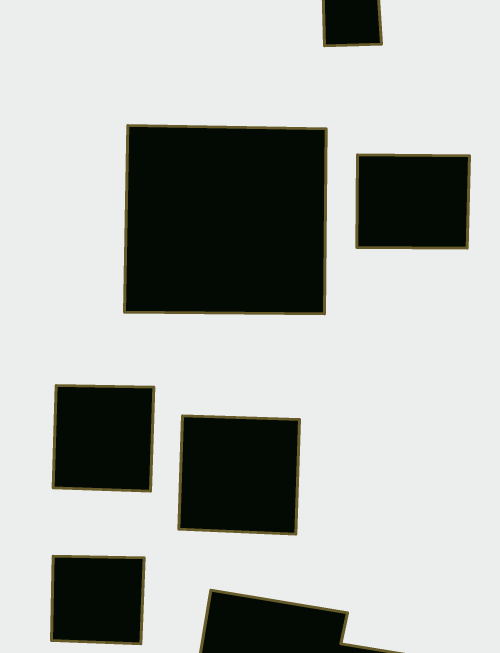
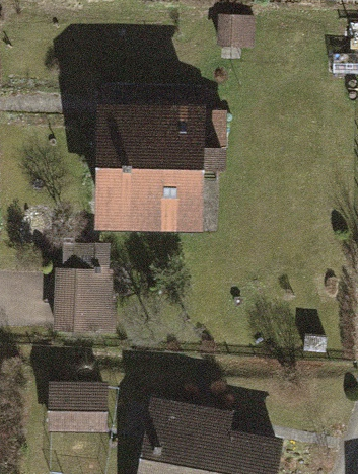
building: [357,155,470,248] -> none
building: [179,416,299,534] -> none

